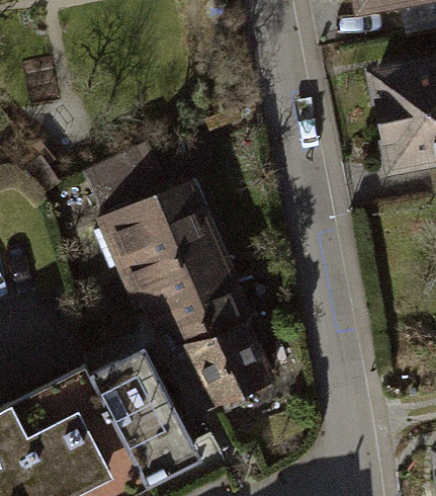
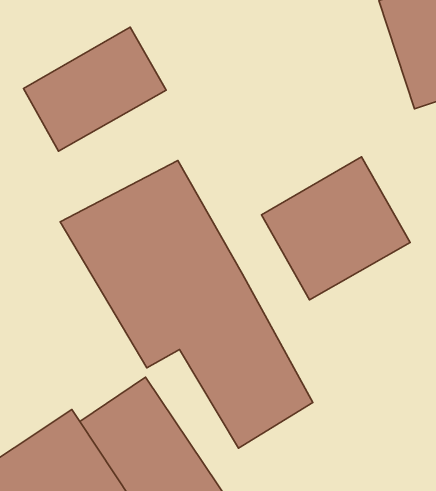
building: none -> [23,27,166,151]
building: none -> [261,157,410,300]

